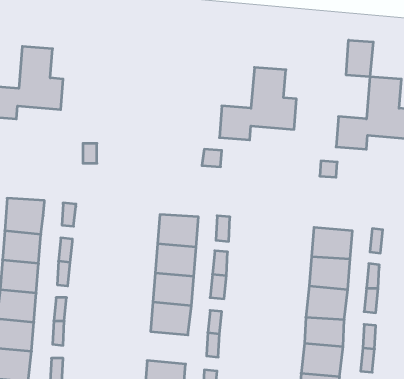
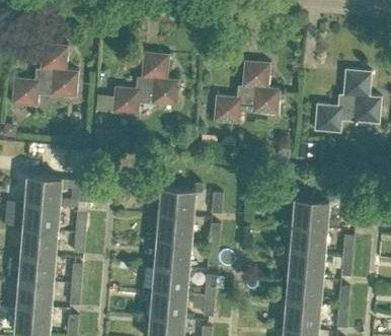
building: [346,40,373,77] -> none
building: none -> [111,53,178,116]
building: none -> [150,291,185,320]

